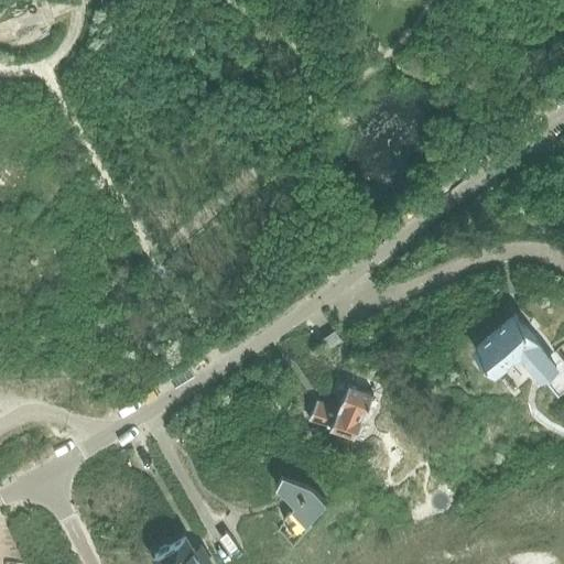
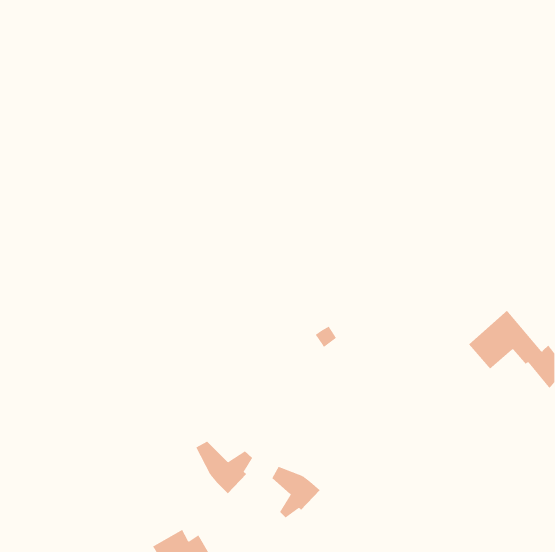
building: [308,386,373,445] -> none
building: none -> [195,441,253,494]

